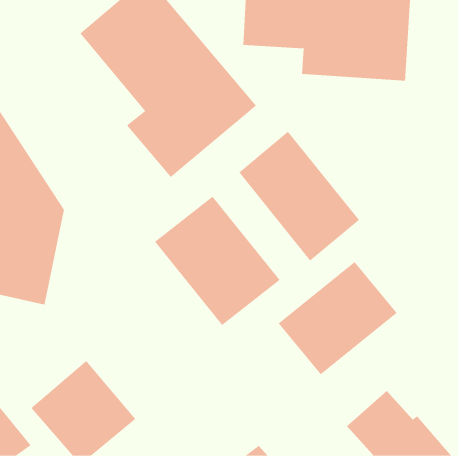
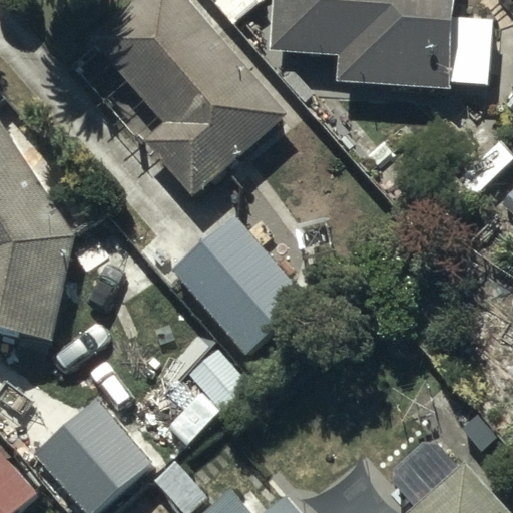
building: [238,131,360,261] -> none
building: [278,261,398,375] -> none

